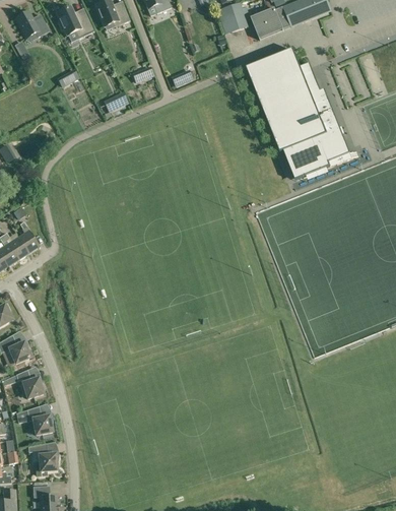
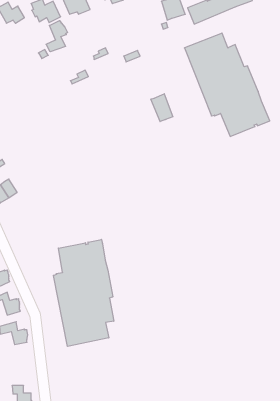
building: none -> [46,21,68,52]
building: none -> [151,94,173,122]
building: none -> [53,239,114,346]
building: [27,443,59,475] -> none

